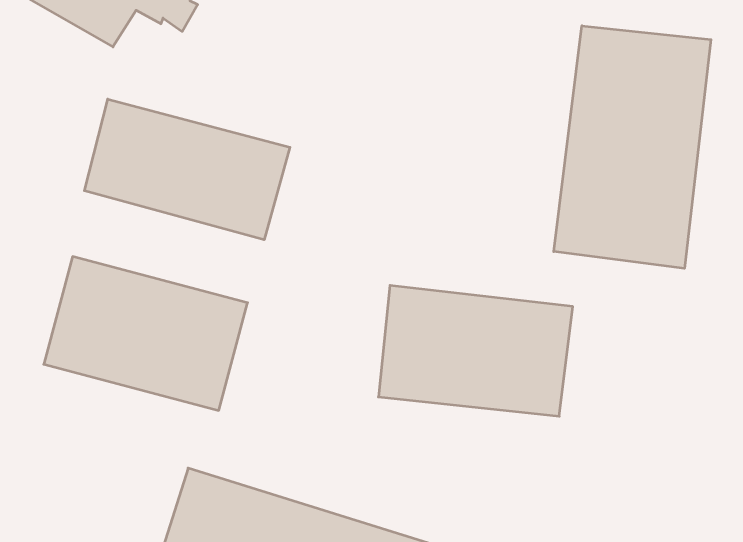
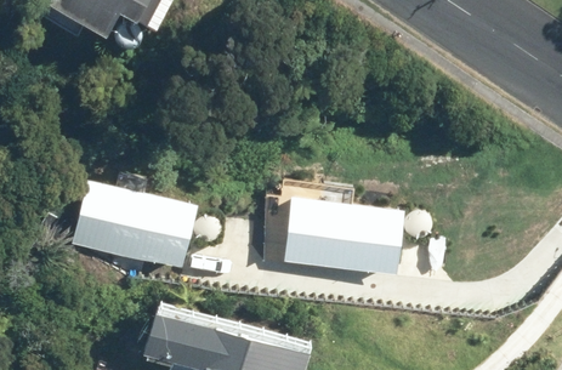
building: [554,26,711,268] -> none
building: [84,99,290,240] -> none

